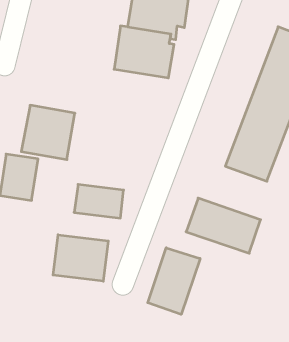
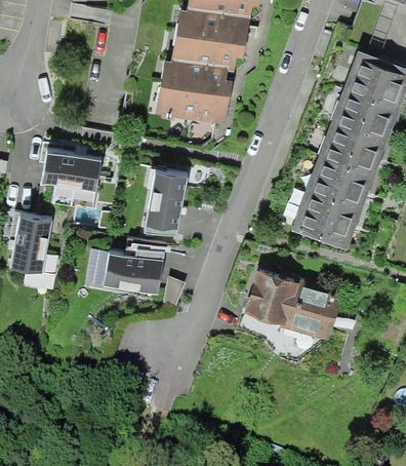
building: none -> [136,169,188,231]
building: [53,235,108,281] -> none
building: [148,248,200,314] -> none

